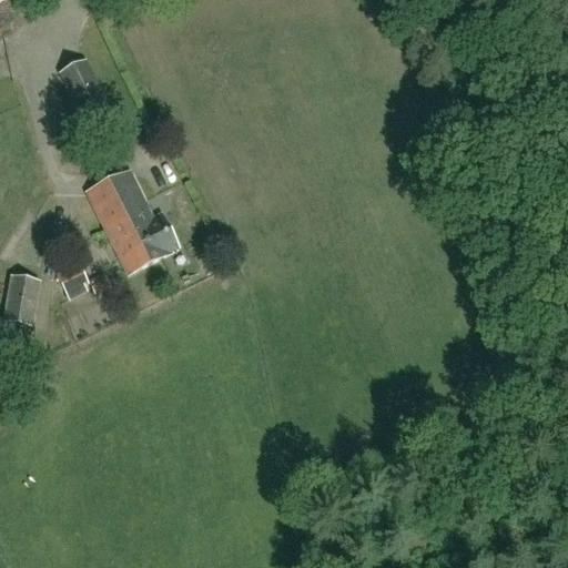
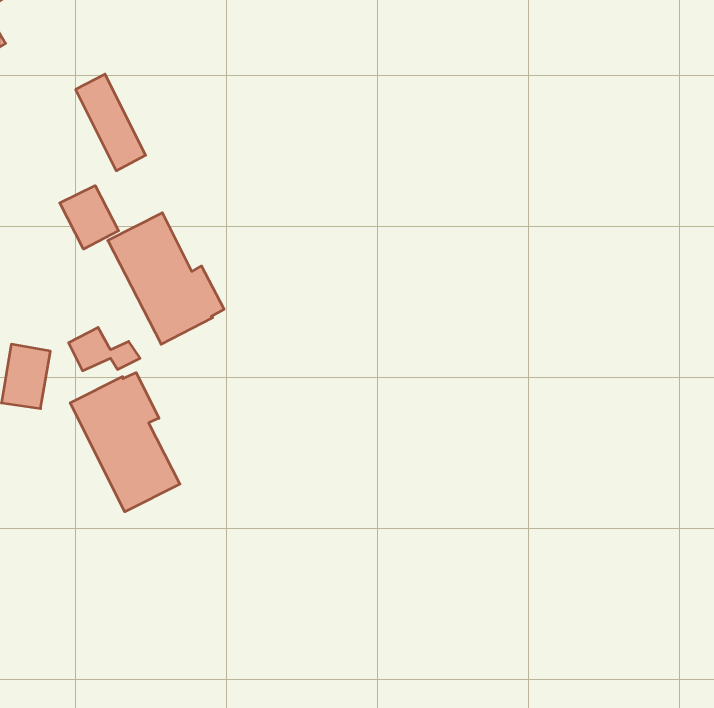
building: none -> [60,186,119,249]
building: none -> [70,373,180,512]

